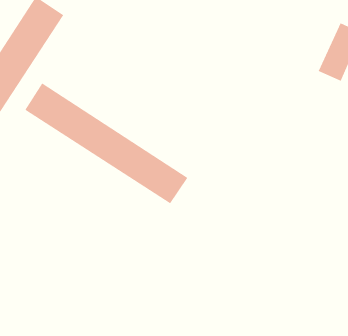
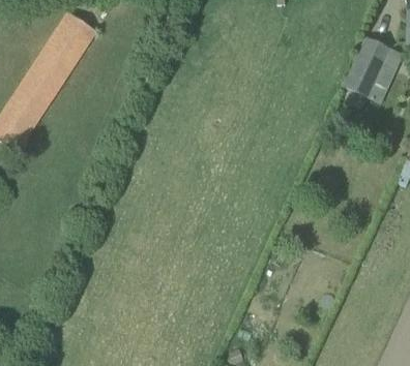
building: [25,82,188,204] -> none

